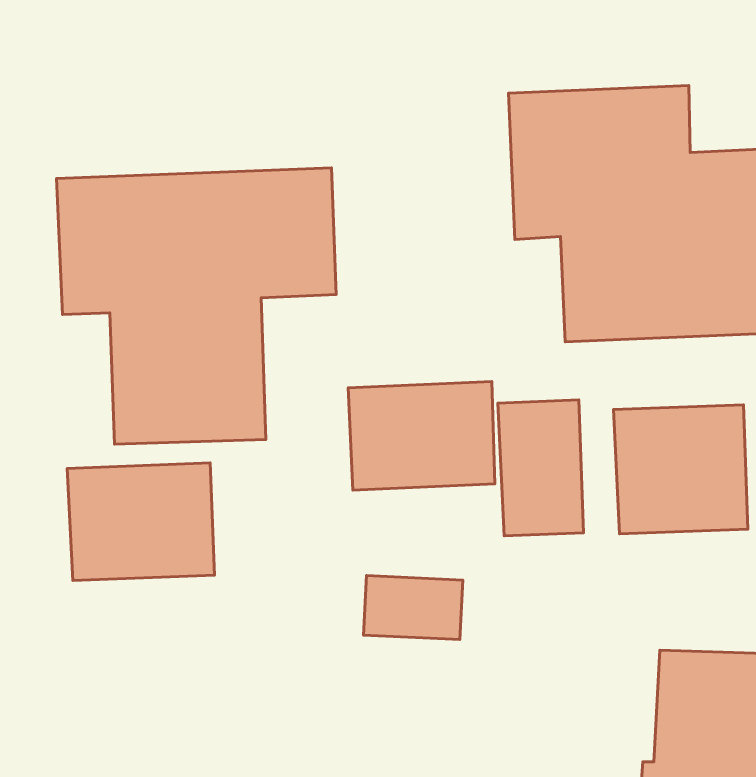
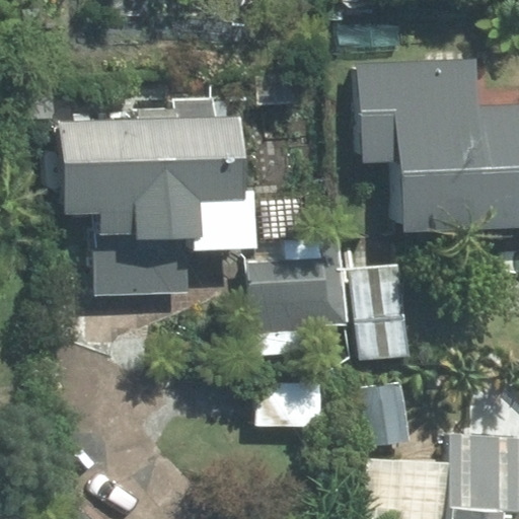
building: [614,405,748,534] -> none
building: [67,463,214,580] -> none

